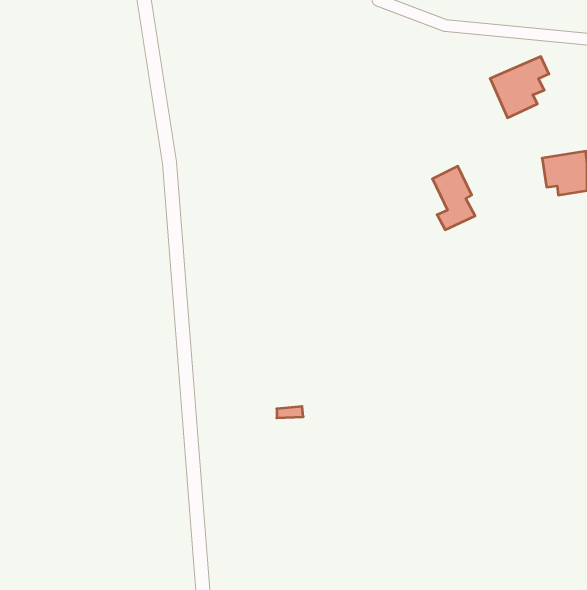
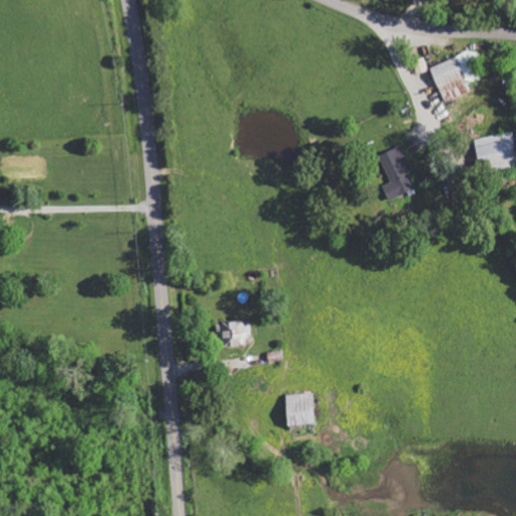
building: none -> [219,320,251,347]
building: none -> [284,394,313,425]

